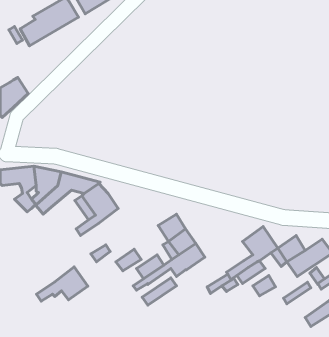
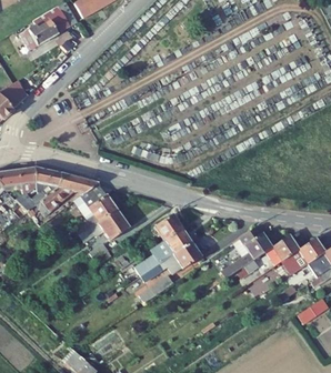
building: [37,267,88,301] -> [80,208,130,241]

